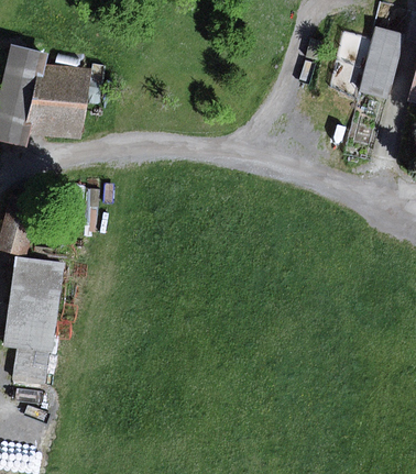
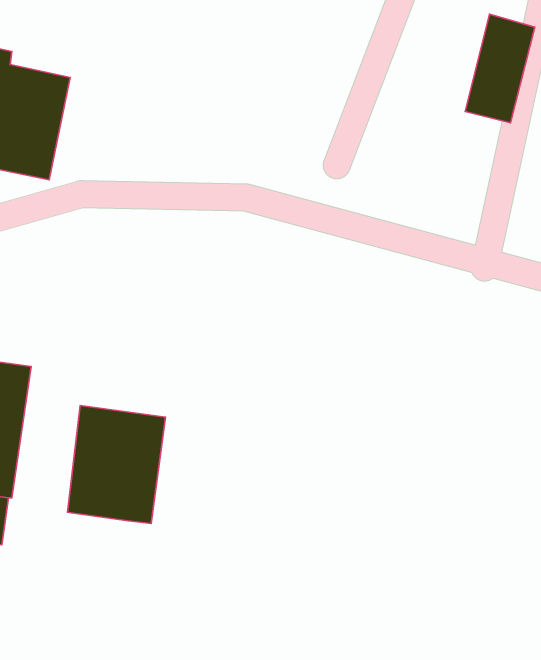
building: none -> [68,405,166,523]

